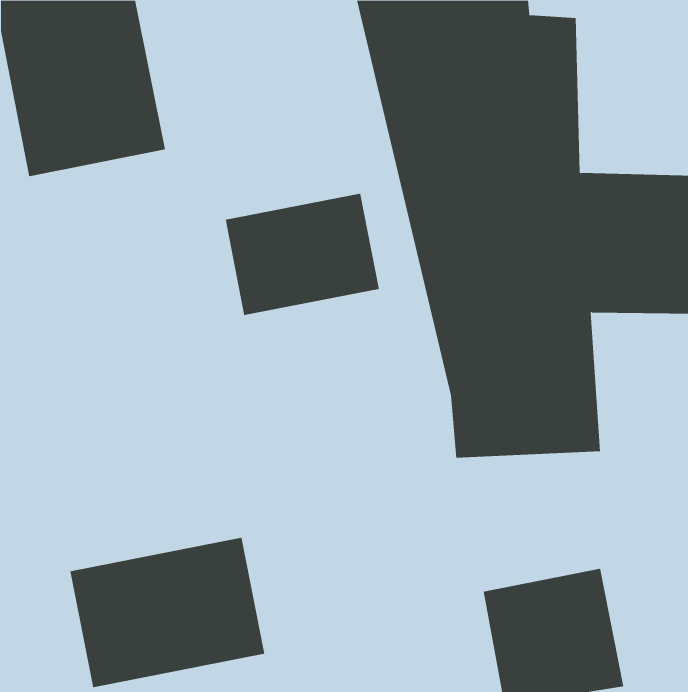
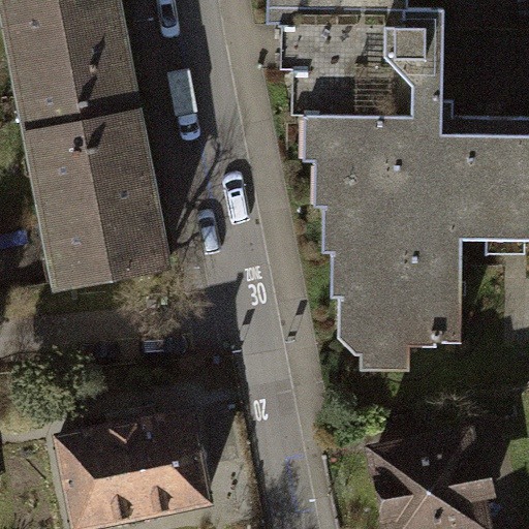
building: none -> [27,116,160,284]
building: [225,193,379,316] -> none

